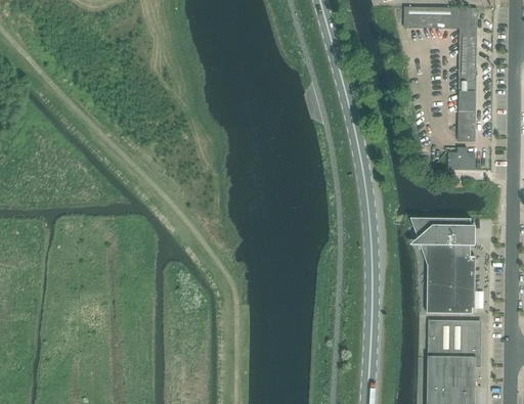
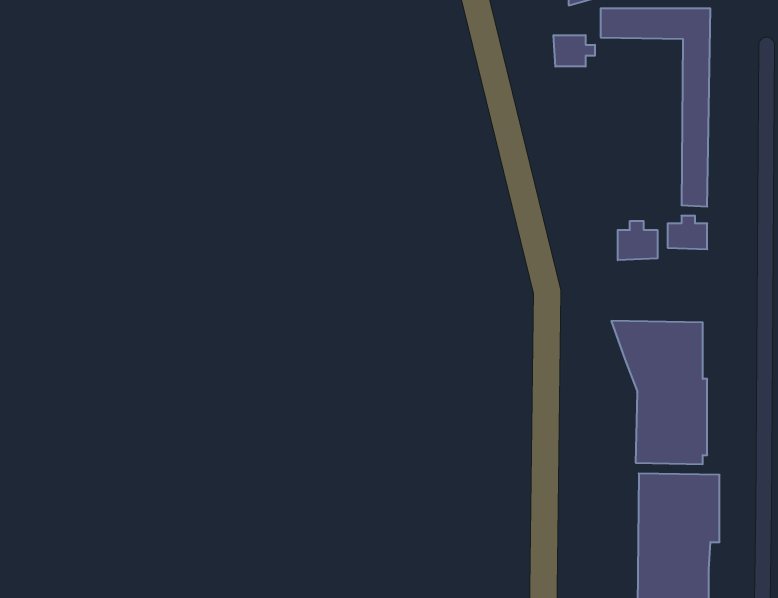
building: none -> [554,35,595,67]
building: none -> [618,221,657,260]

